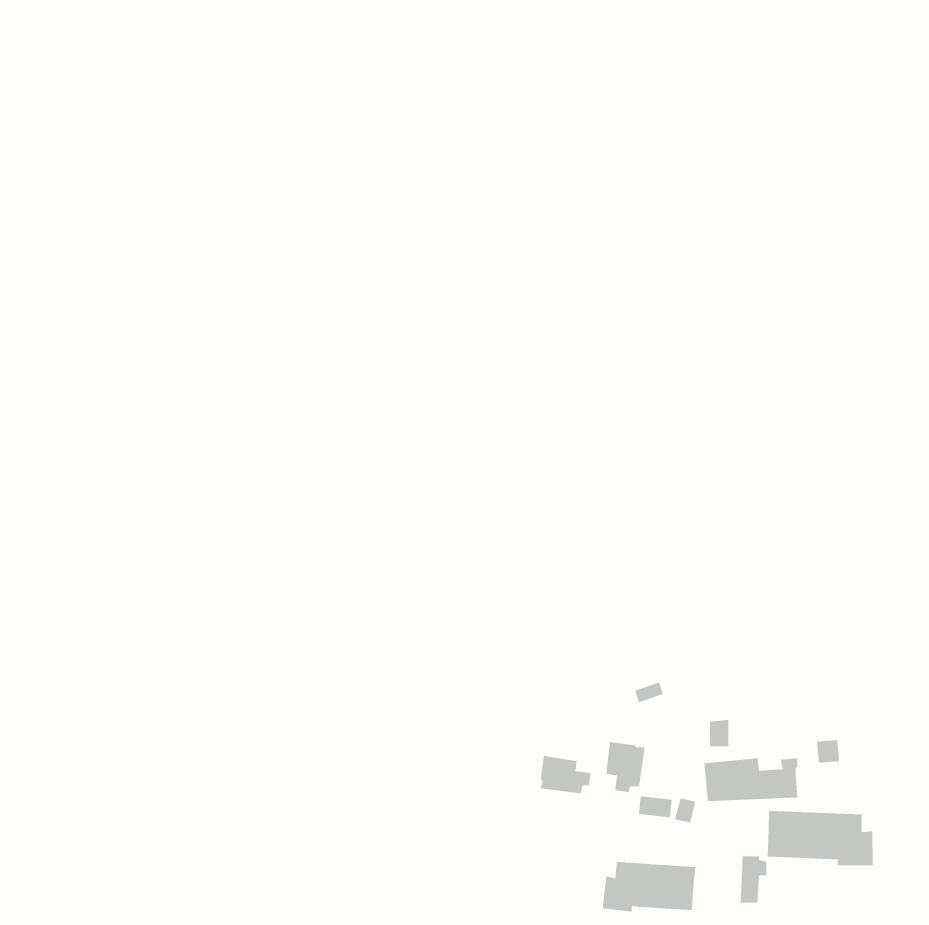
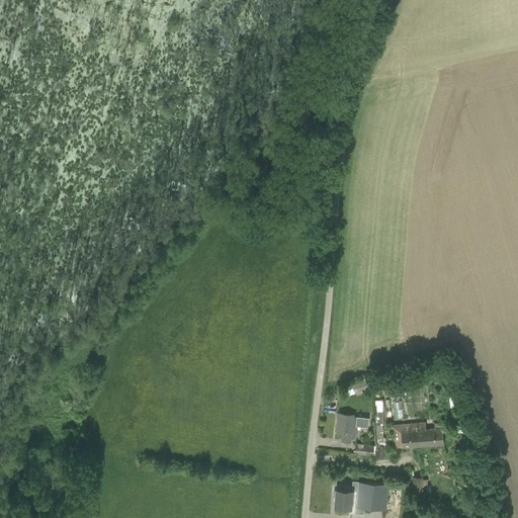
building: [540,755,591,794] -> none
building: [767,810,873,866] -> none

